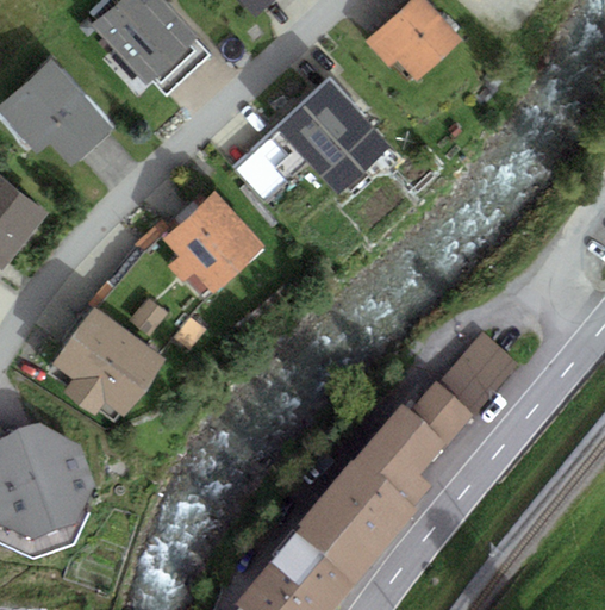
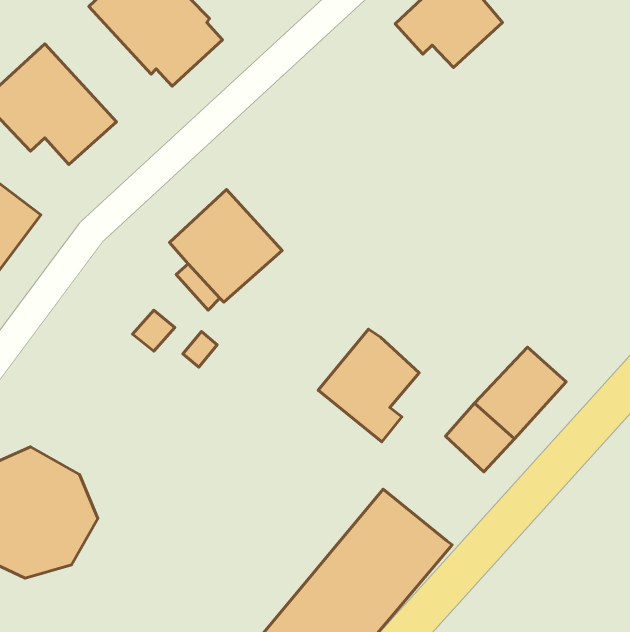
building: [231,77,388,203] -> none
building: [51,306,164,415] -> none
building: [354,405,444,506] -> [318,329,419,442]

